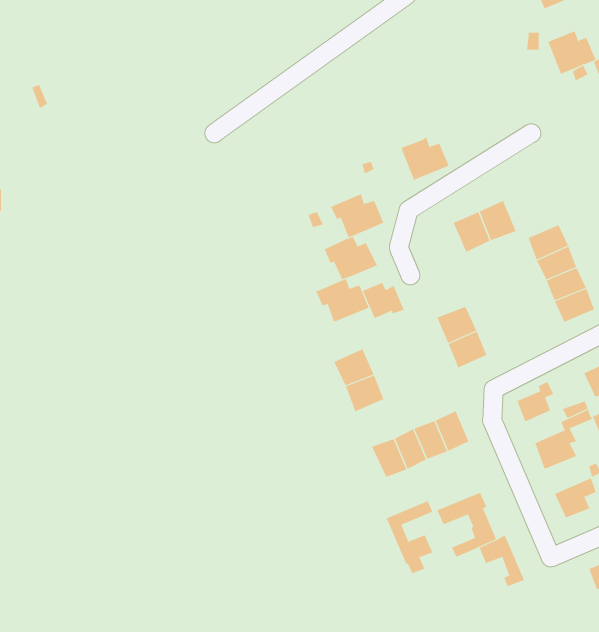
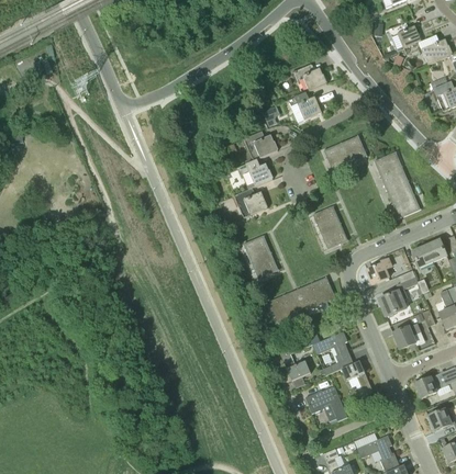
building: none -> [290,65,325,94]
building: [362,282,405,319] -> none
building: none -> [304,385,346,420]

